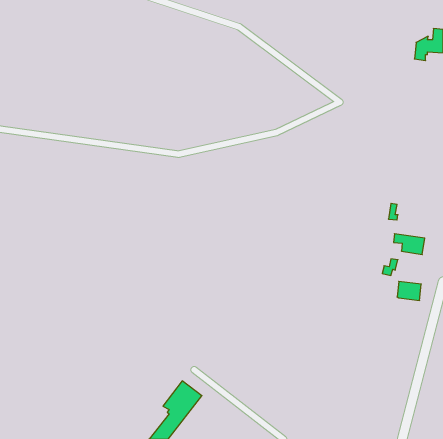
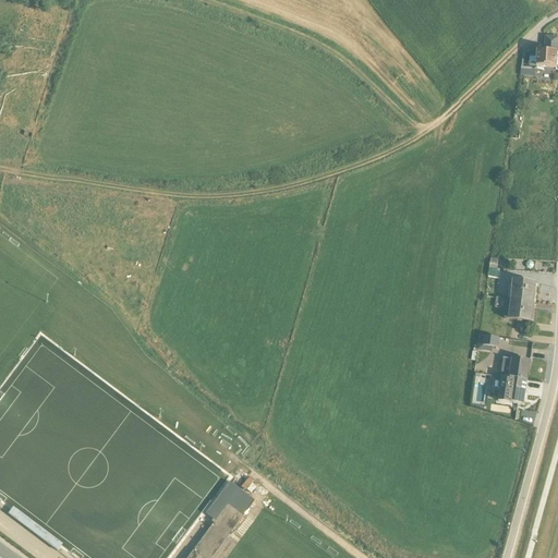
building: none -> [508,280,536,300]
building: none -> [492,375,527,402]

